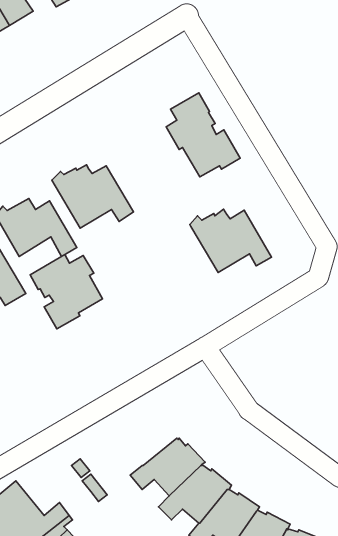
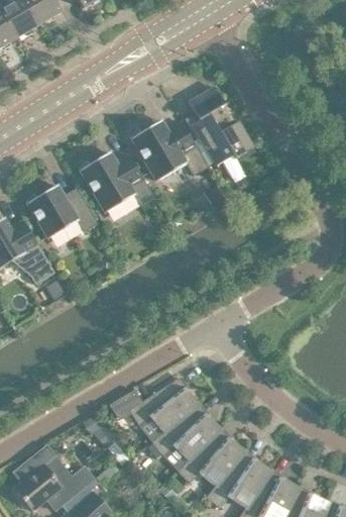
building: [190,209,271,272] -> [129,121,205,180]
building: [30,254,102,329] -> none
building: none -> [108,379,199,432]

